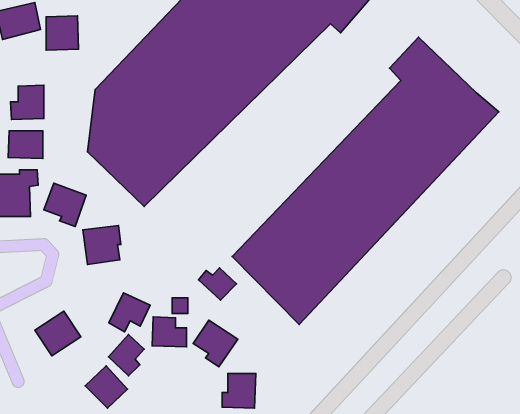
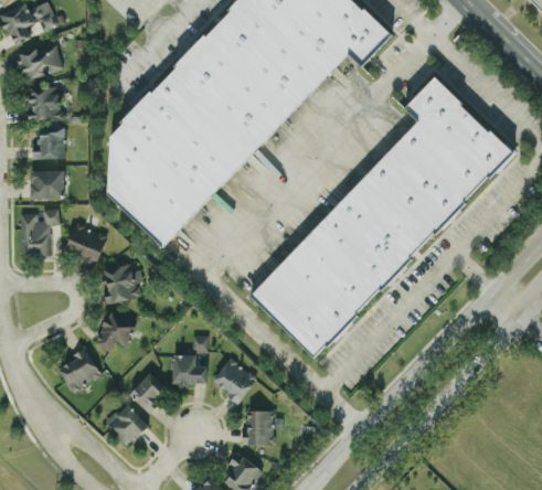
building: [46,16,79,50] -> [28,86,60,120]
building: [199,268,237,300] -> none
building: [109,293,150,332] -> [94,312,135,351]

